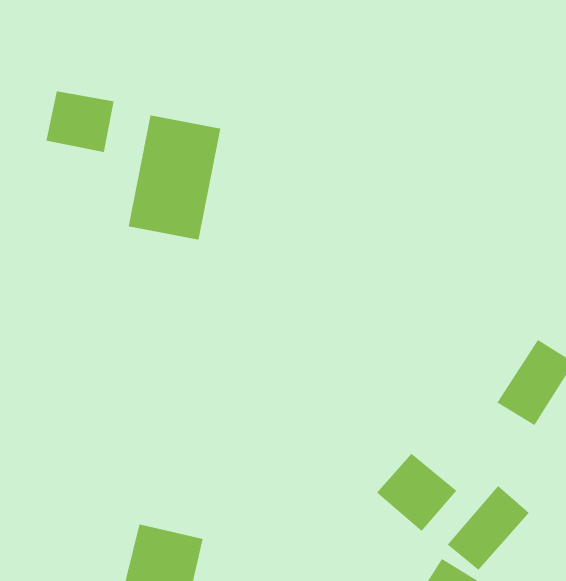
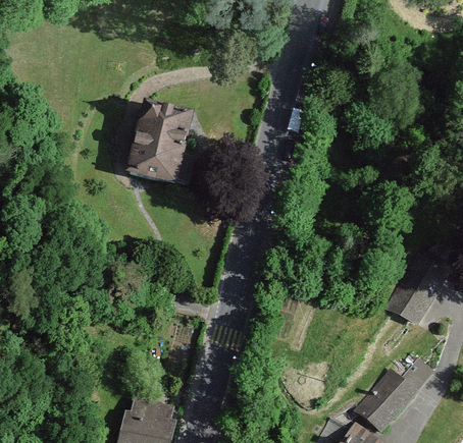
building: [46,90,114,153] -> none
building: [376,453,457,532] -> none

